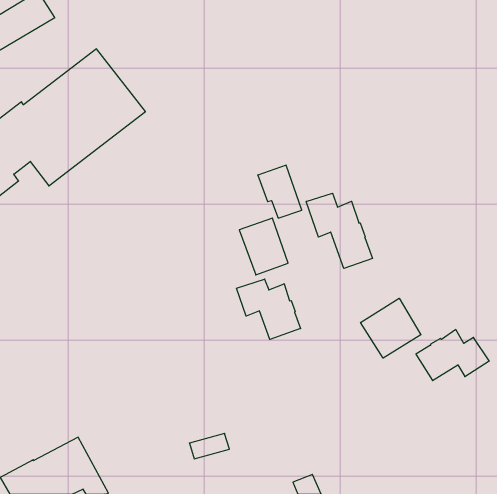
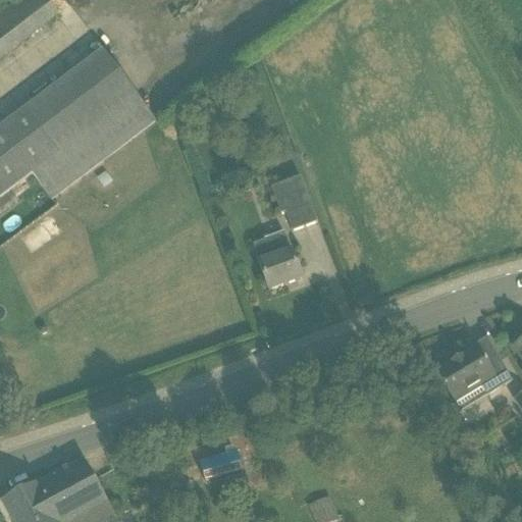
building: [306,193,372,268] -> none
building: [236,279,301,339] -> none
building: [361,298,421,358] -> none

